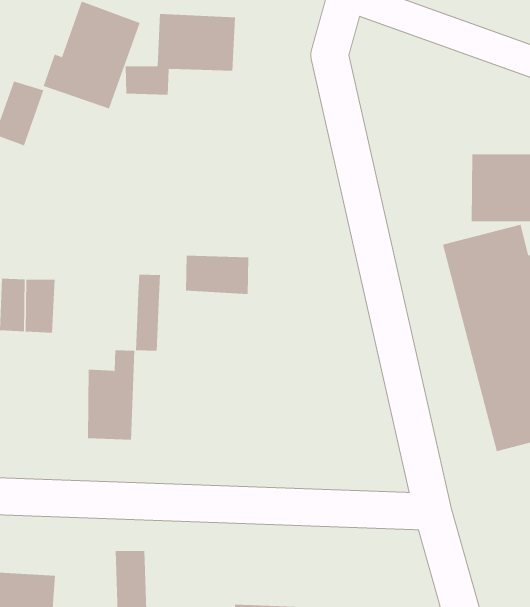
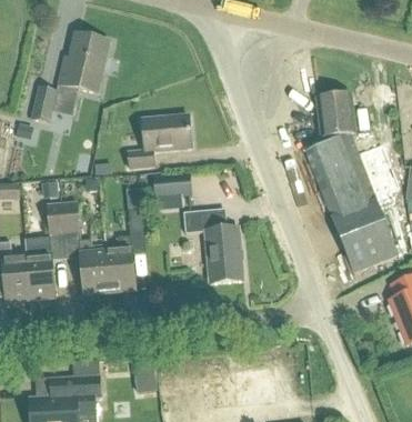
building: [125,14,236,95] -> [125,113,190,167]
building: none -> [182,208,241,282]
building: none -> [79,240,108,293]

